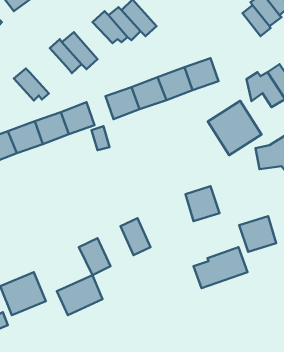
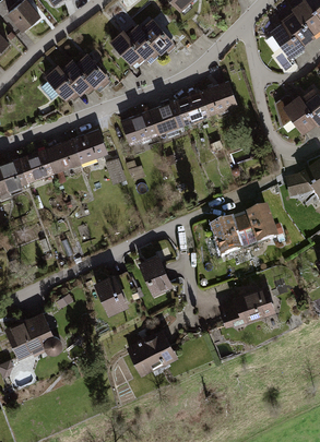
building: [14,69,49,101] -> [43,64,81,99]
building: [208,101,262,155] -> none
building: [239,216,276,252] -> [236,210,276,249]
building: [57,275,103,315] -> [126,331,176,374]

